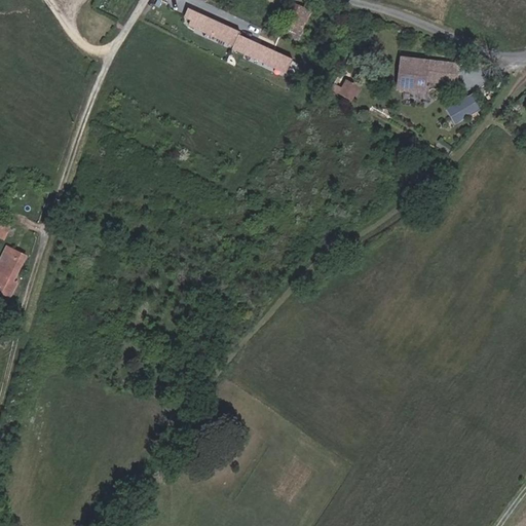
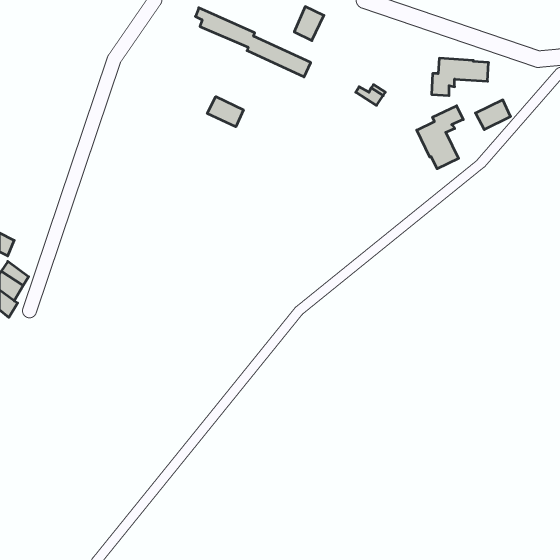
building: none -> [207,97,243,127]
building: none -> [417,106,463,169]

